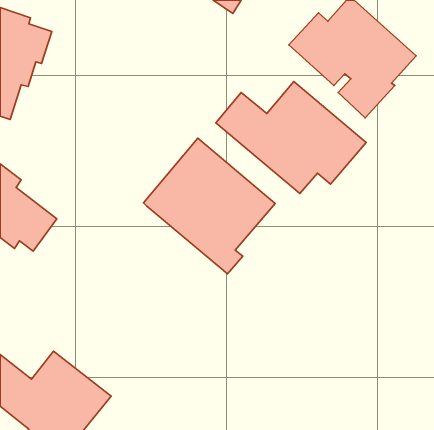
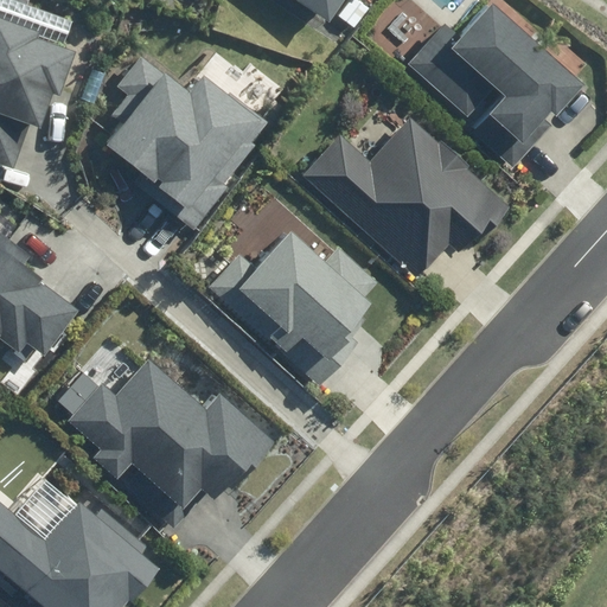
building: none -> [101,55,275,235]
building: none -> [69,358,274,507]

